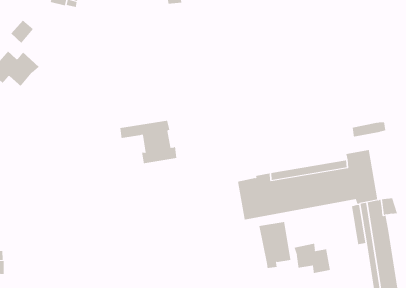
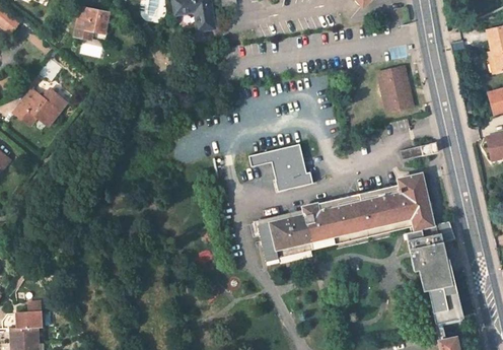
building: none -> [378,66,415,112]
building: [119,120,177,164] -> [250,144,313,192]
building: [259,222,291,268] -> [257,214,293,265]
building: [294,243,330,274] -> none

